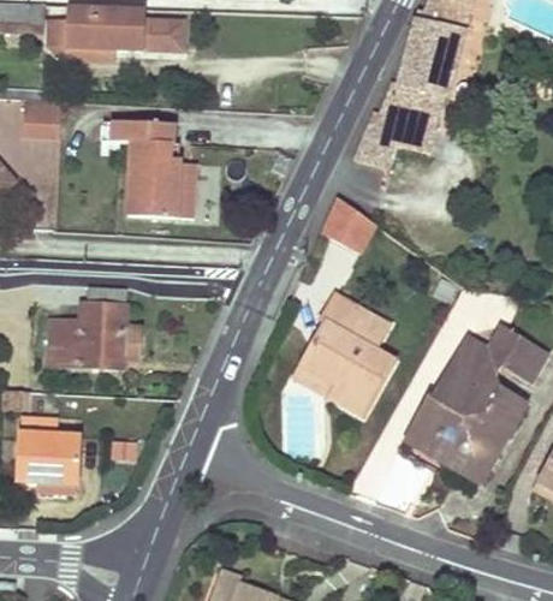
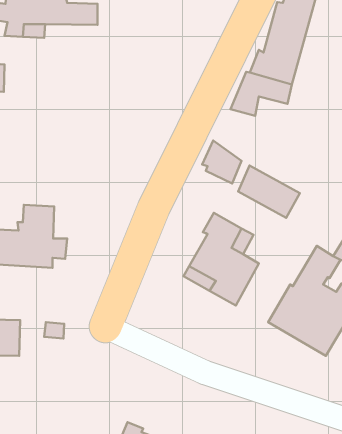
building: [103,119,198,216] -> none
building: none -> [238,165,300,218]

